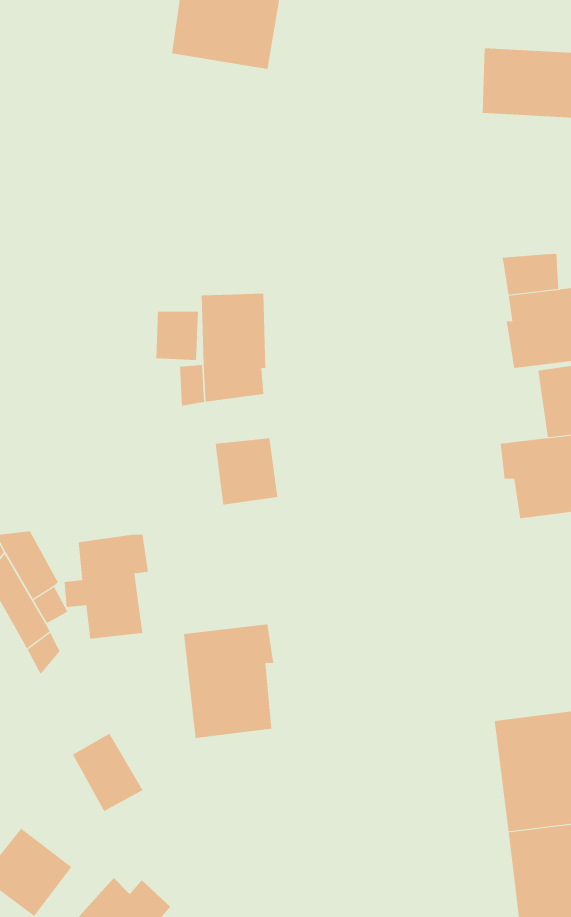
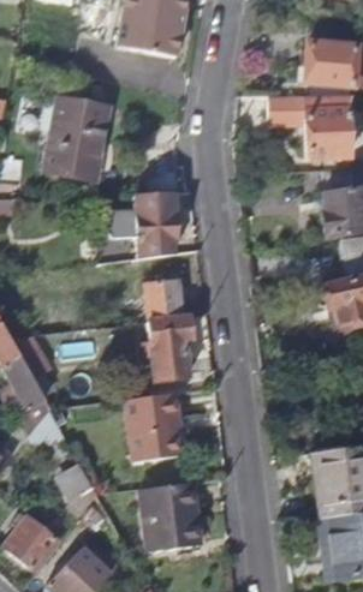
building: none -> [270,91,352,157]
building: none -> [44,96,109,180]
building: [64,534,149,639] -> [141,316,192,379]
building: none -> [142,482,202,551]

